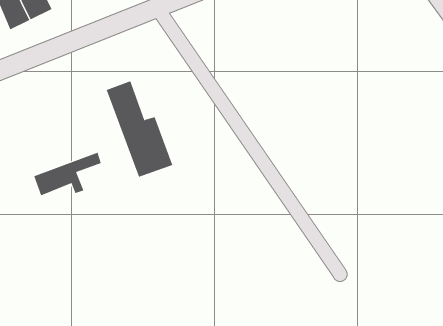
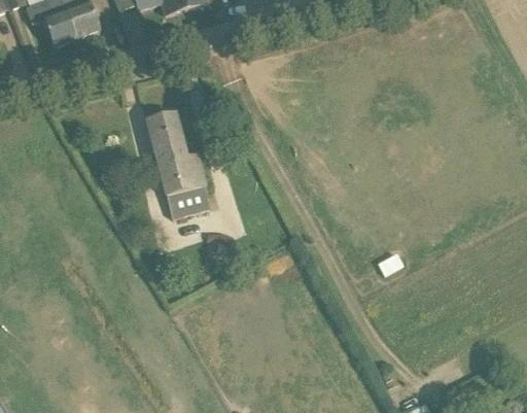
building: [33,152,101,196] -> none

